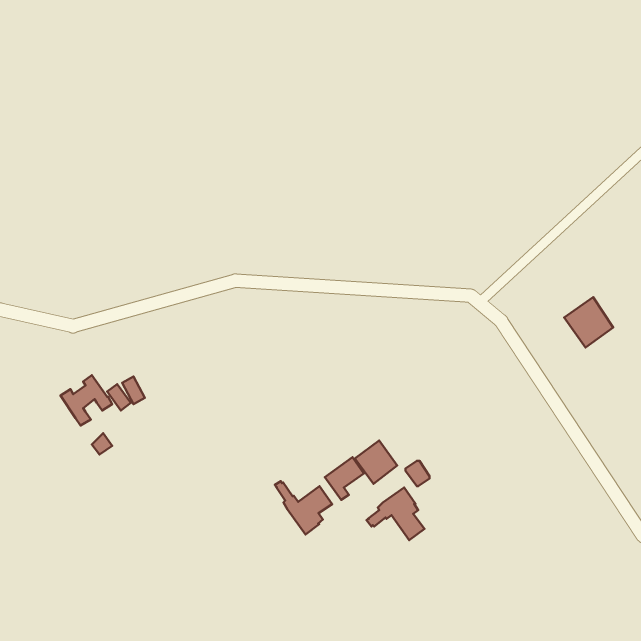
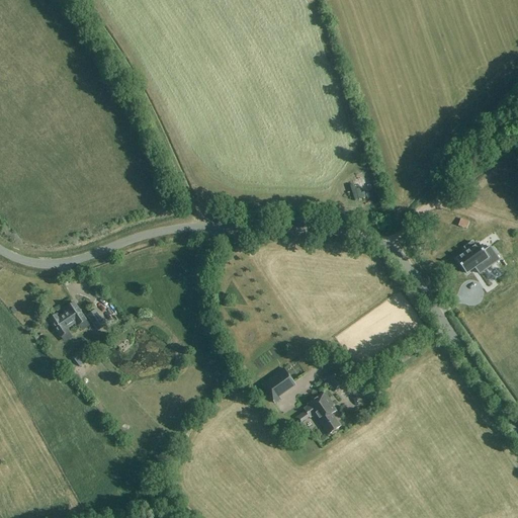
building: [355,441,397,484] -> none
building: [275,481,332,534] -> none

